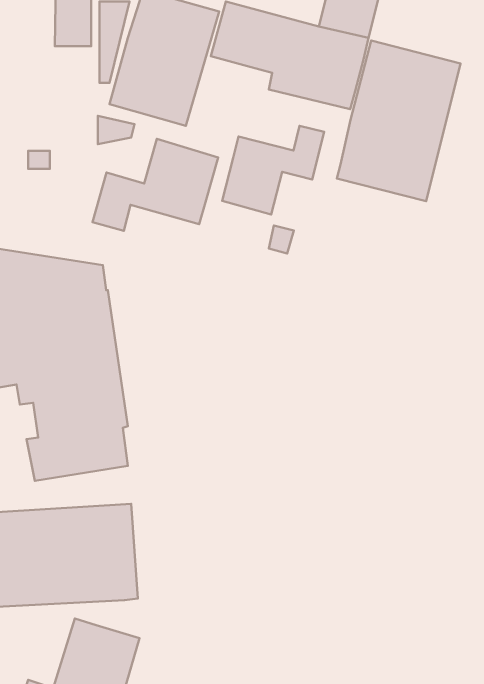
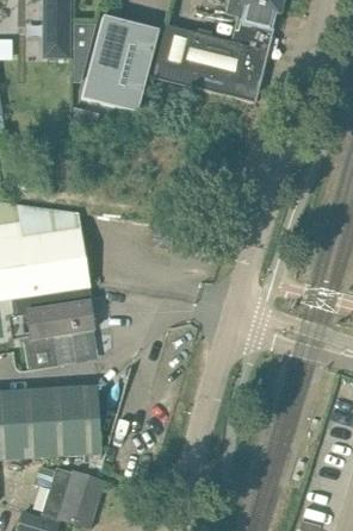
building: [337,41,461,201] -> none
building: [222,126,324,215] -> none
building: [93,139,218,231] -> none

